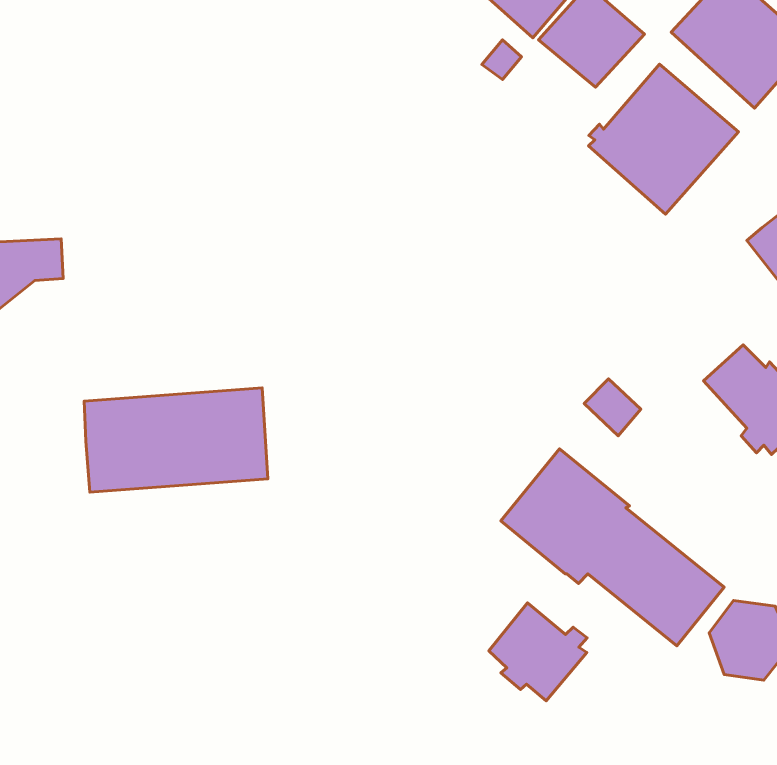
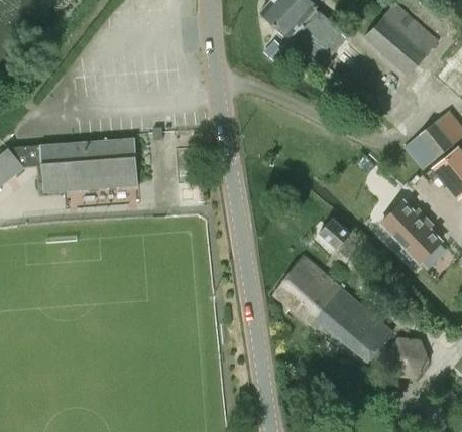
building: [588,64,739,214] -> none
building: [84,388,268,492] -> [39,138,137,193]
building: [489,603,587,701] -> none

